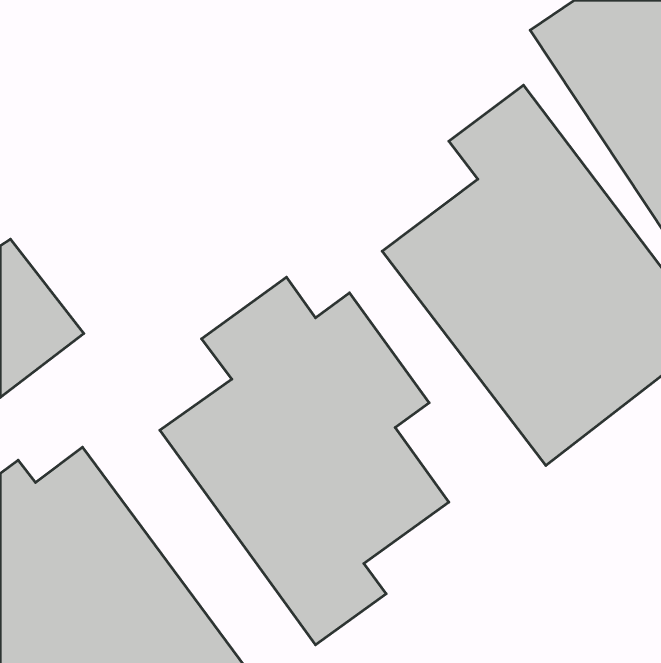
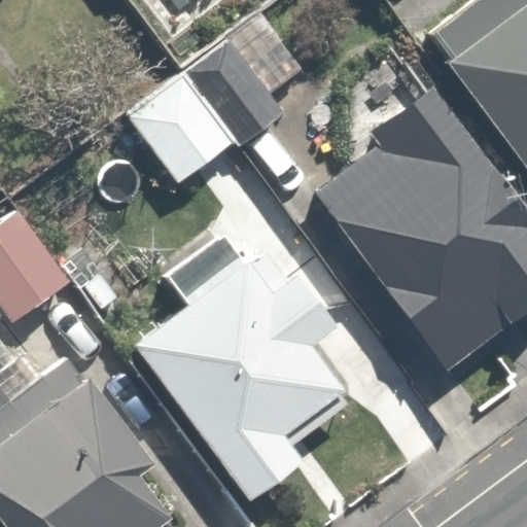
building: none -> [121,36,287,191]

